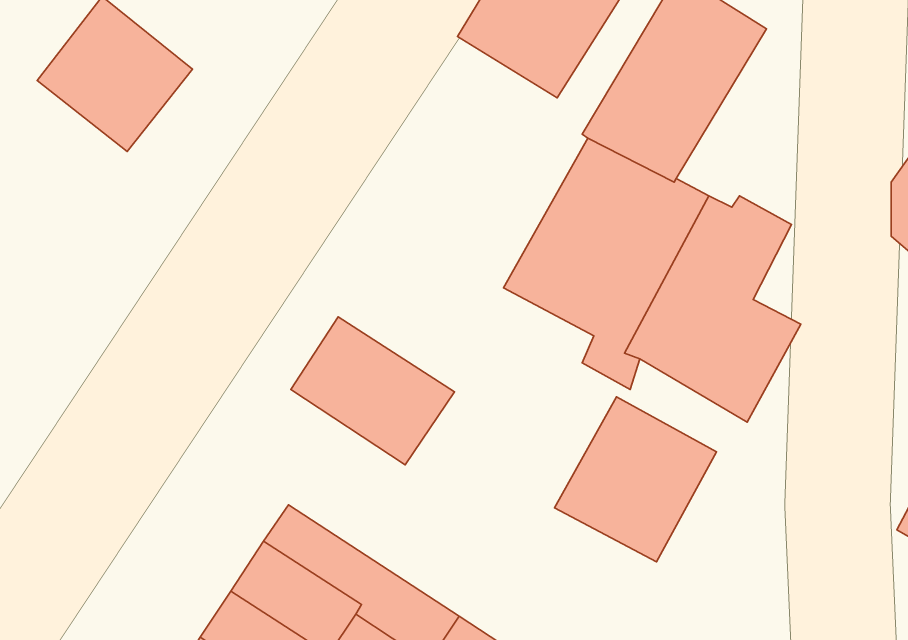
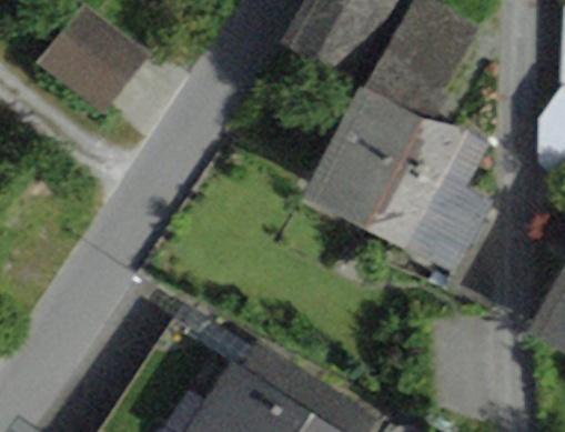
building: [291,317,455,465] -> none
building: [555,397,717,562] -> none

